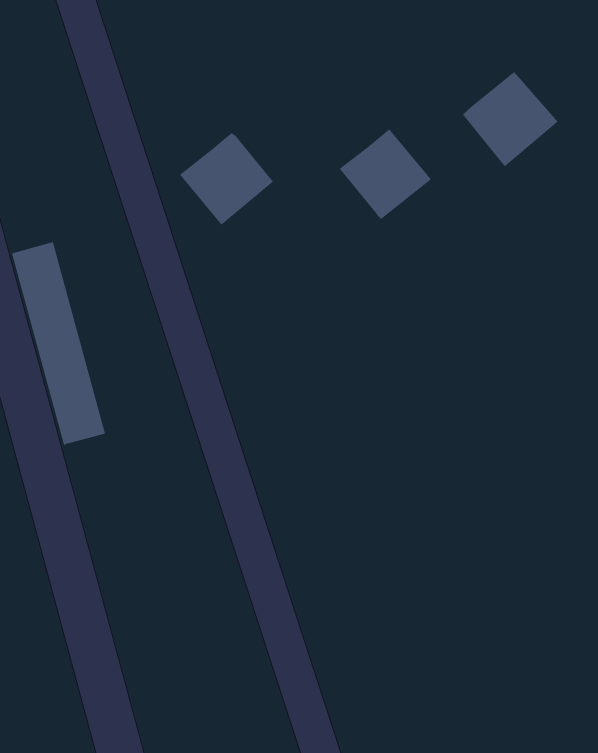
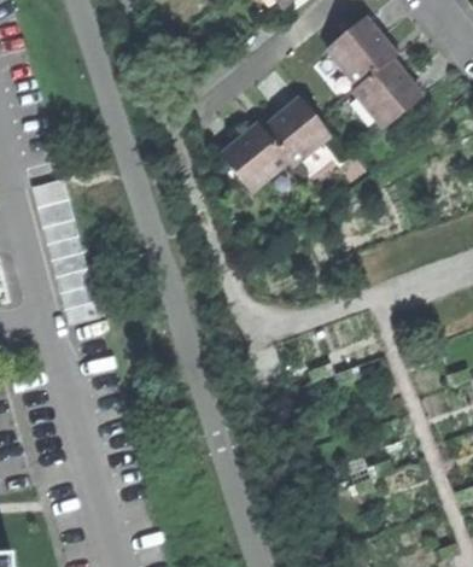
building: none -> [328,16,396,83]
building: [179,133,274,225] -> [224,124,292,191]

